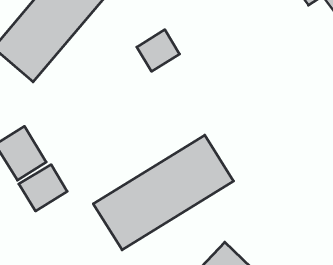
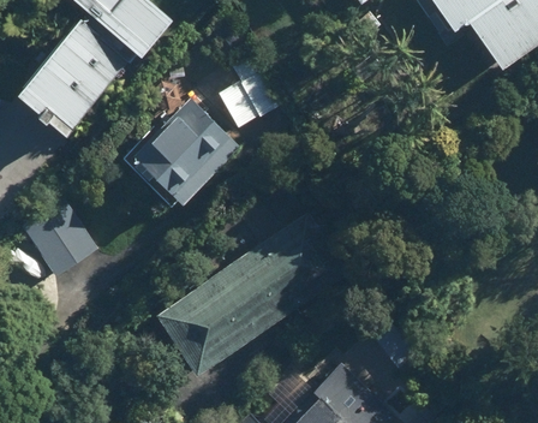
building: none -> [126,90,243,205]
building: [19,165,67,211] -> none

